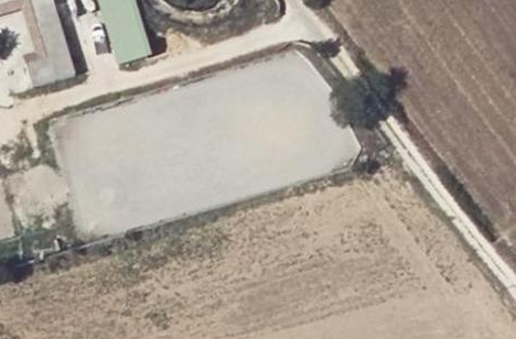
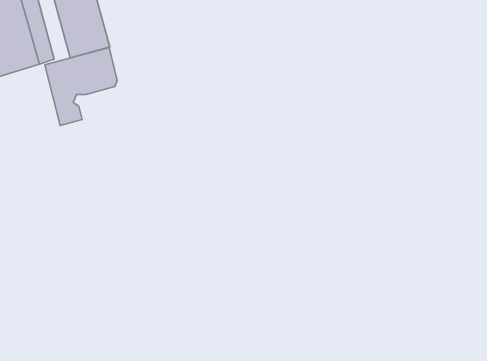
building: none -> [45,47,117,126]

